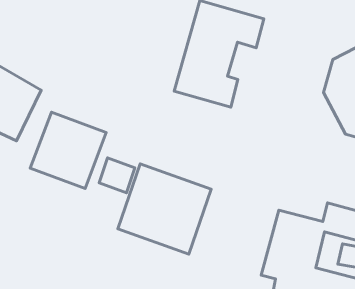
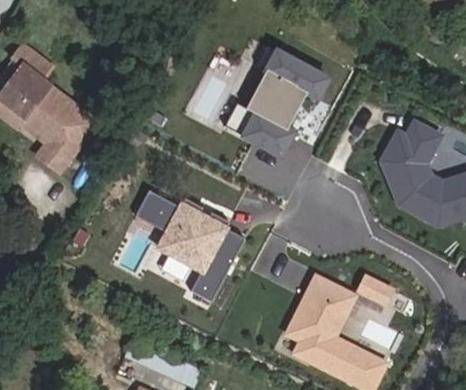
building: [30,112,106,188] -> none

